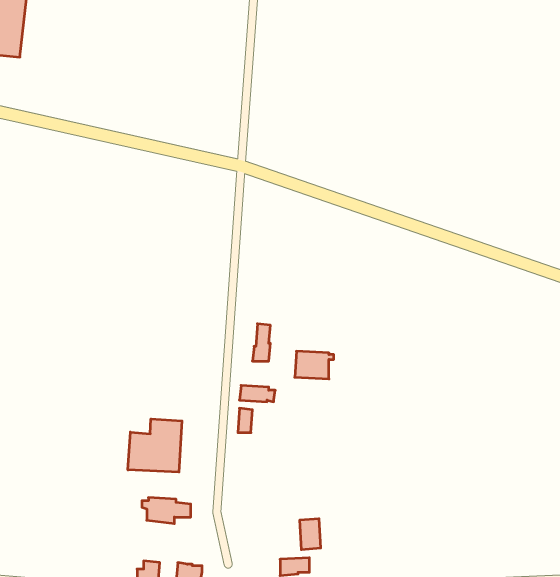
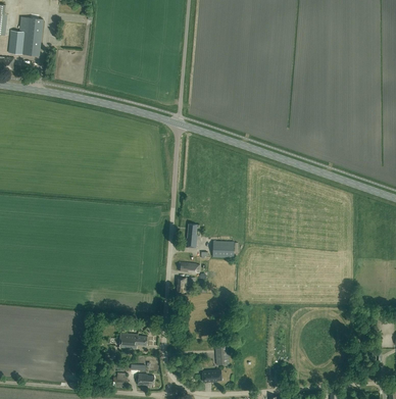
building: [128,419,182,472] -> none

